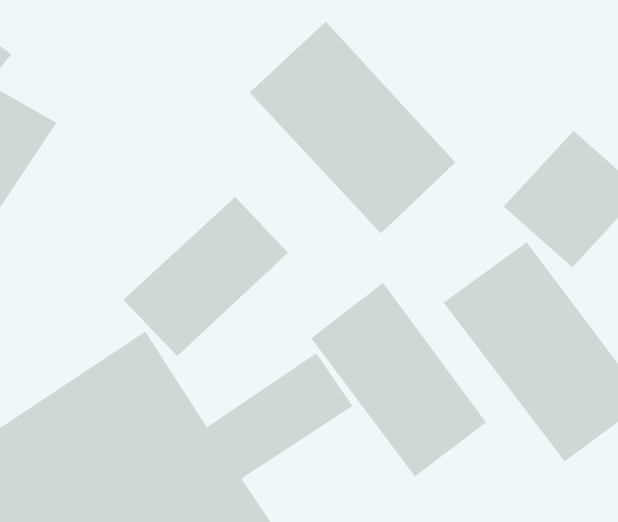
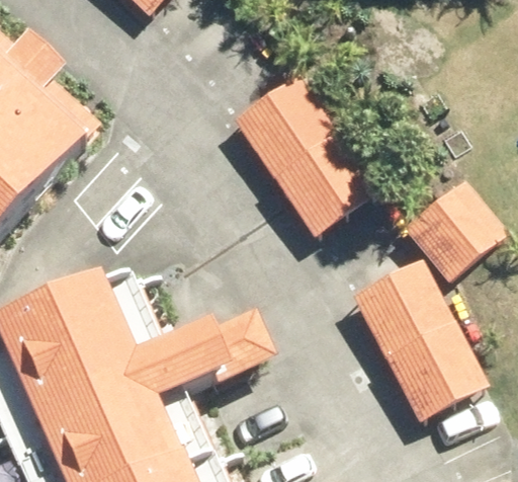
building: [123,196,289,357] -> none
building: [310,282,487,477] -> none

